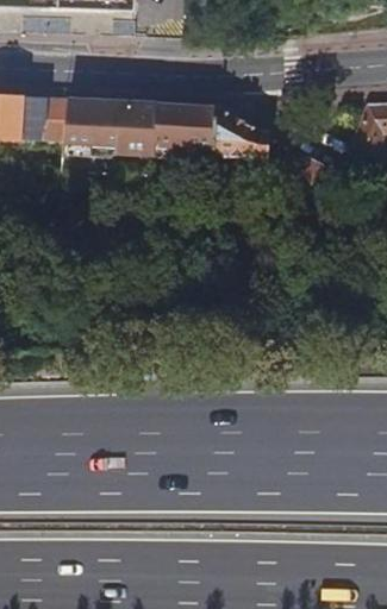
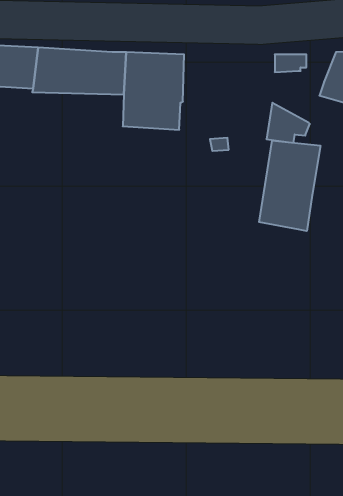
building: [214,105,264,155] -> none
building: none -> [259,140,320,231]

